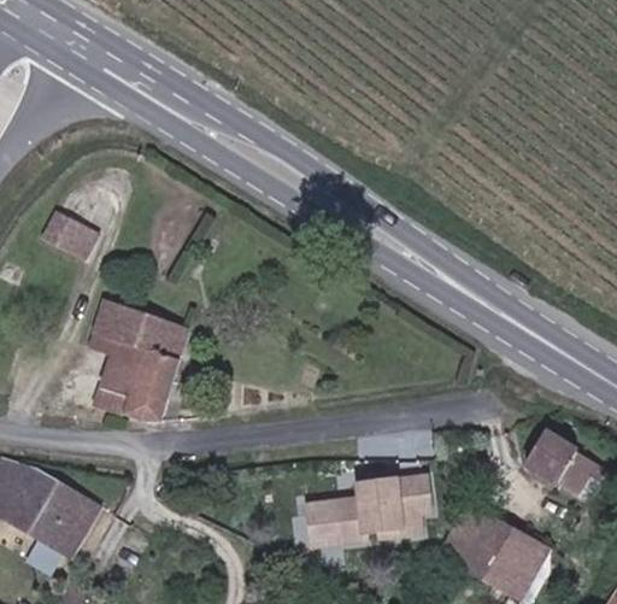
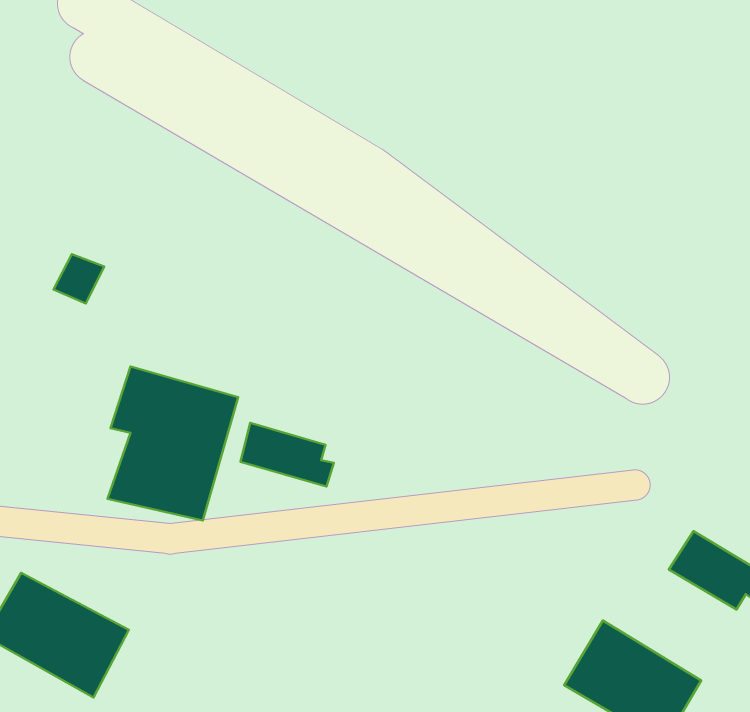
building: none -> [240,423,334,487]
building: [293,470,424,545] -> none

